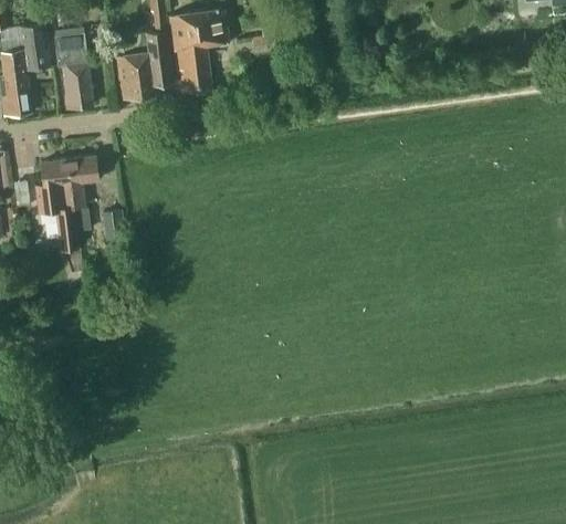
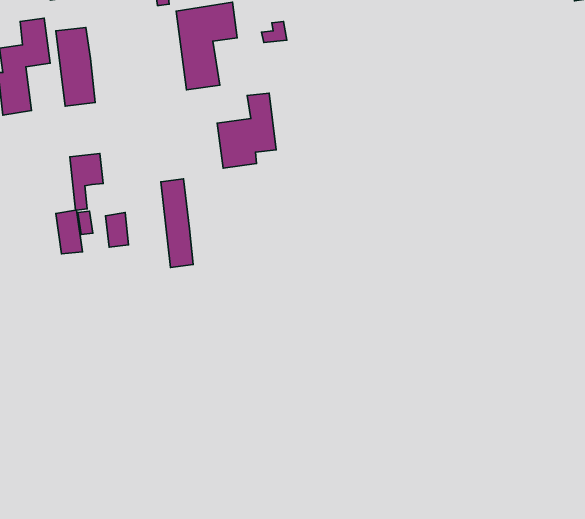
building: [116,30,172,102] -> [217,93,276,168]
building: [34,157,73,213] -> none
building: none -> [161,179,193,267]

